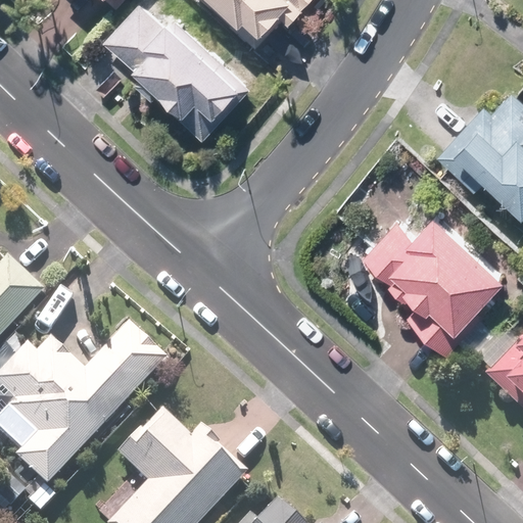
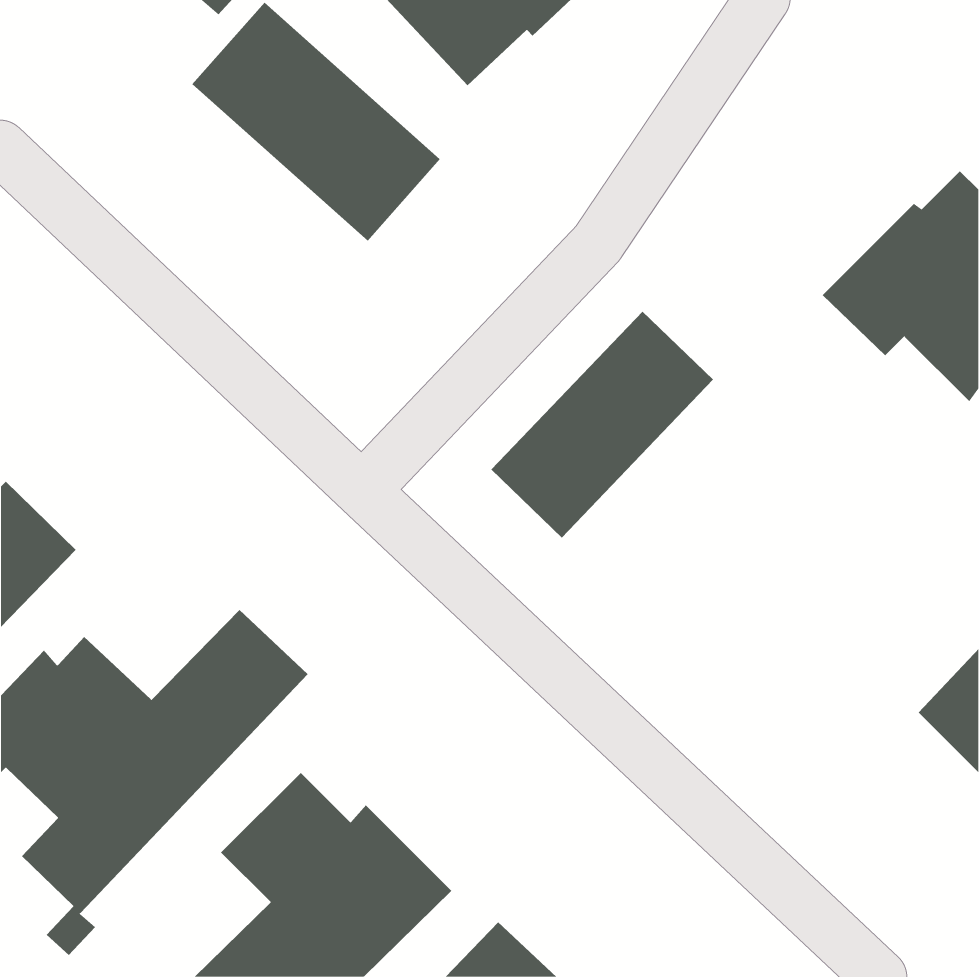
building: none -> [490,311,714,538]
building: [375,211,503,361] -> none

